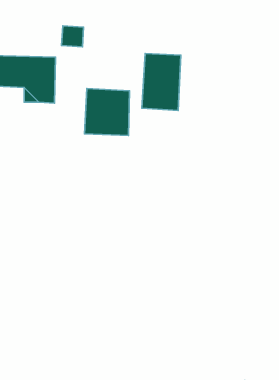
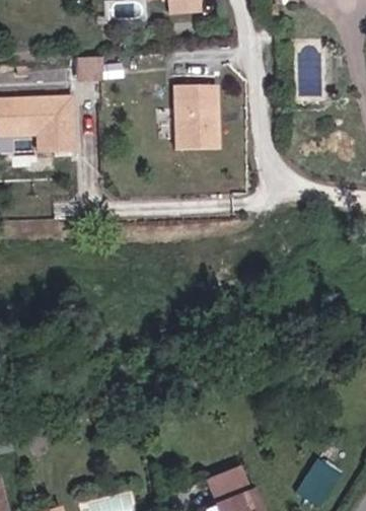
building: [84,88,130,135] -> none

